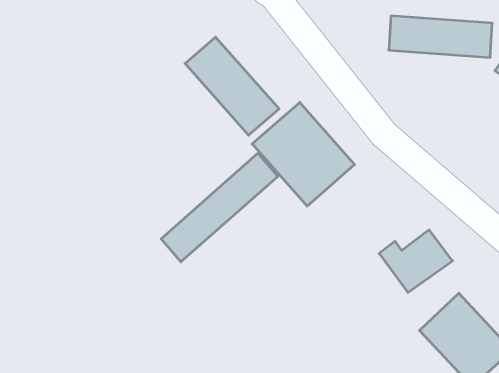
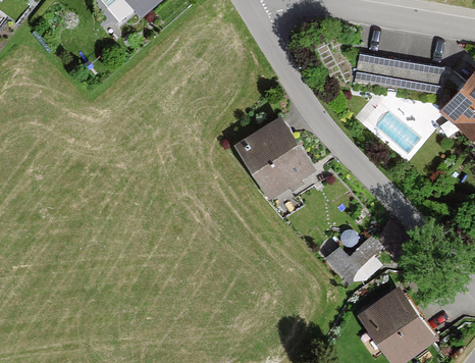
building: [185,37,279,135] -> none
building: [161,153,278,262] -> none

